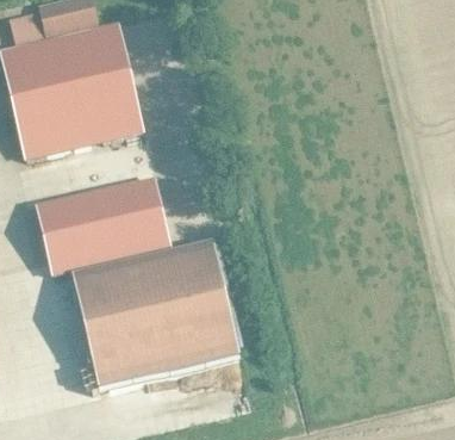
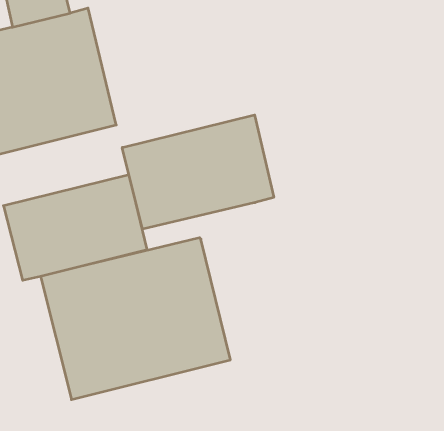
building: none -> [122,115,274,229]

